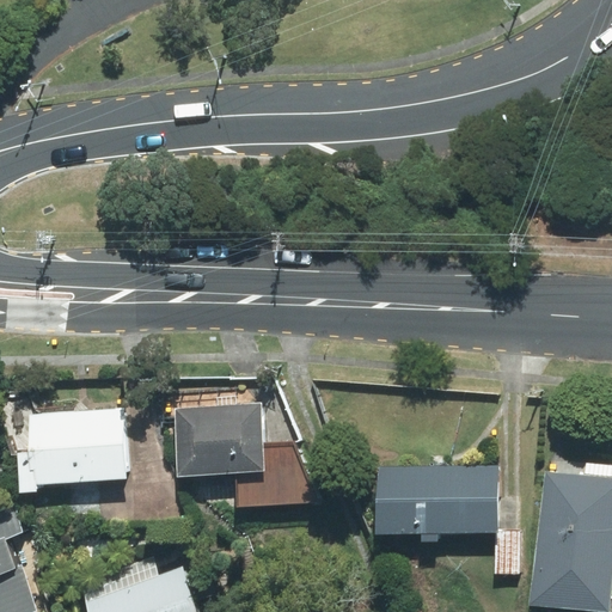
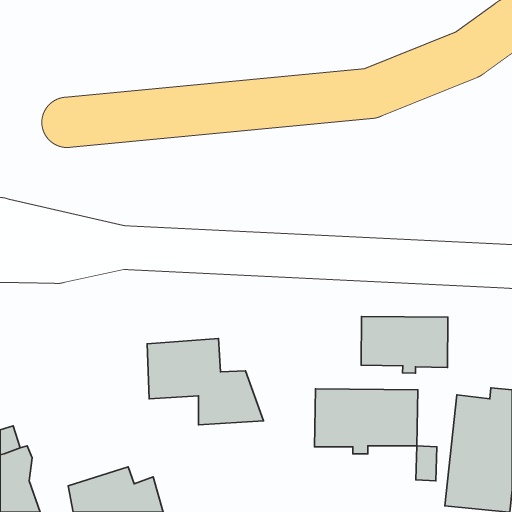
building: none -> [361,316,448,373]
building: [18,409,127,492] -> none

